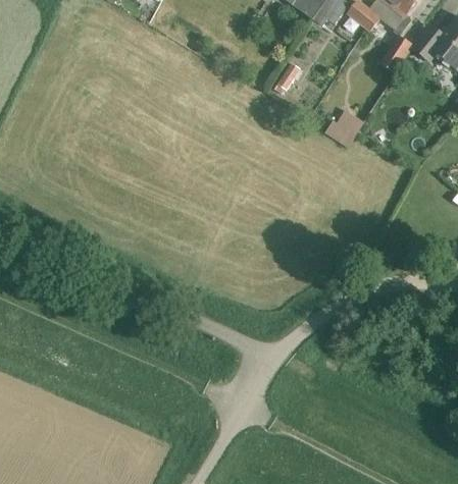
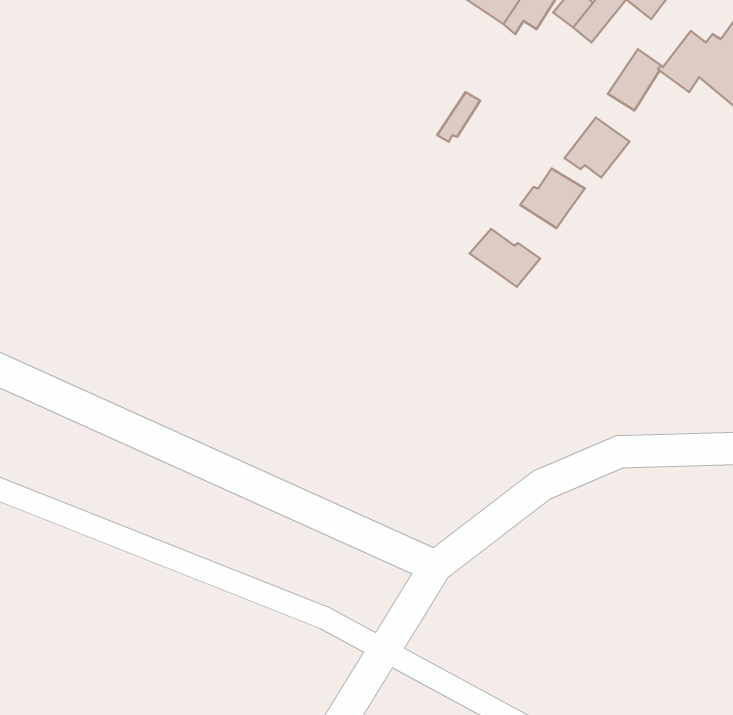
building: none -> [565,118,630,177]
building: none -> [469,229,540,287]

